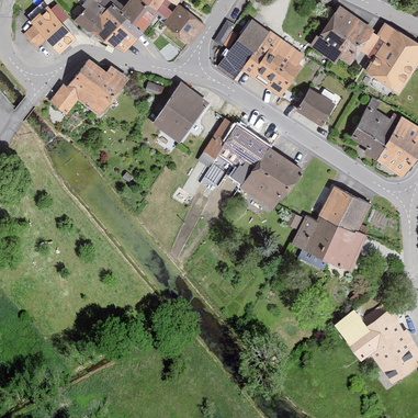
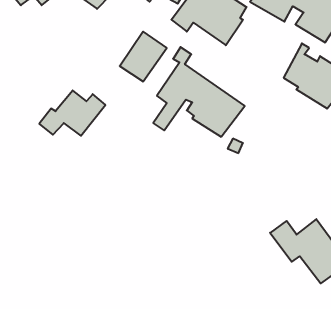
building: [49,60,129,115] -> [39,90,105,136]
building: [294,87,335,125] -> none
building: [293,182,369,270] -> none

